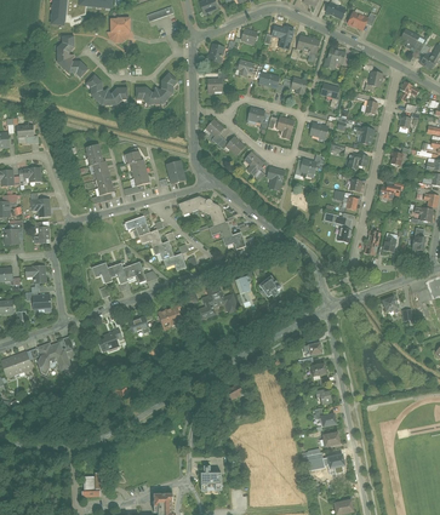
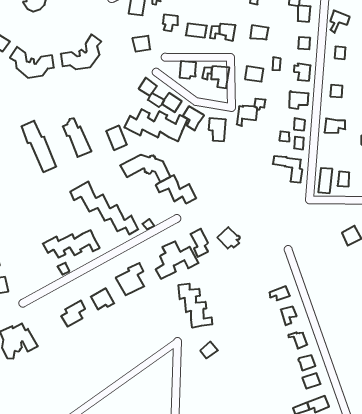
building: none -> [124,109,188,141]
building: none -> [179,284,212,328]

